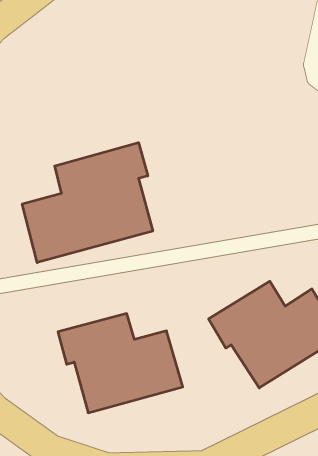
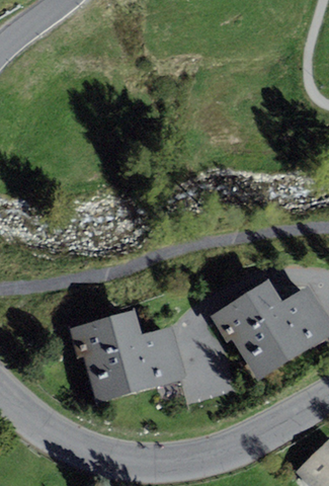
building: [22,143,153,263] -> none

